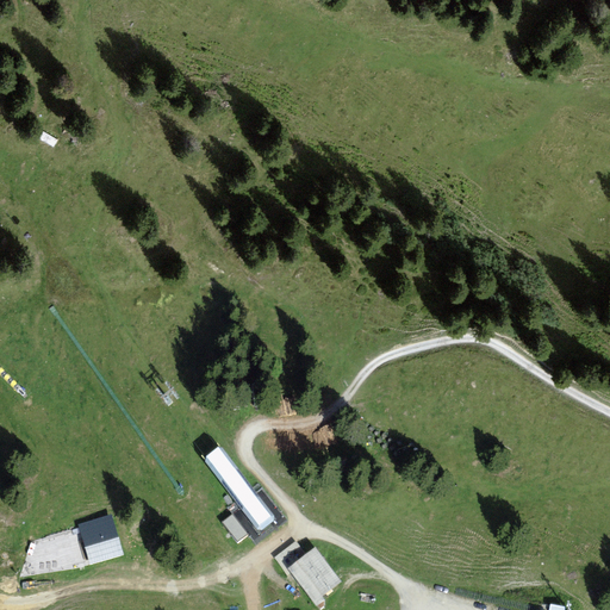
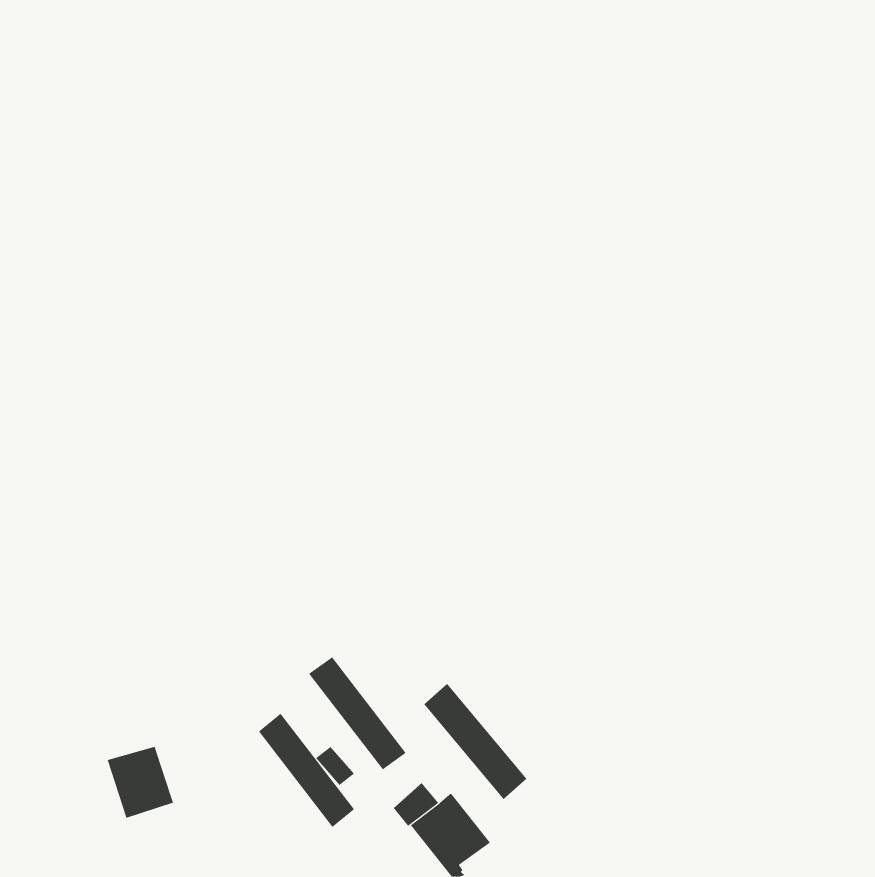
building: none -> [424,683,527,800]
building: none -> [258,713,355,828]

